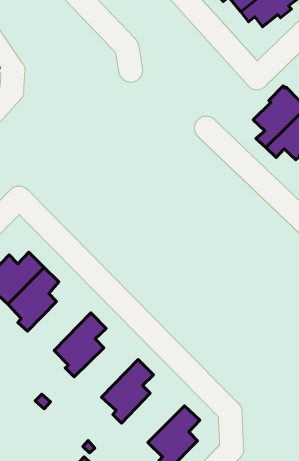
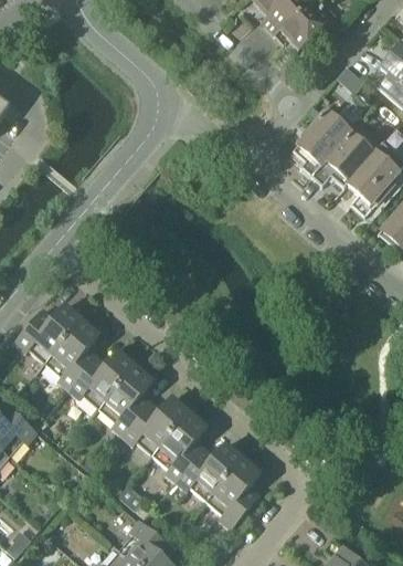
building: none -> [68,350,135,408]
building: none -> [121,397,189,454]
building: none -> [176,442,242,500]

